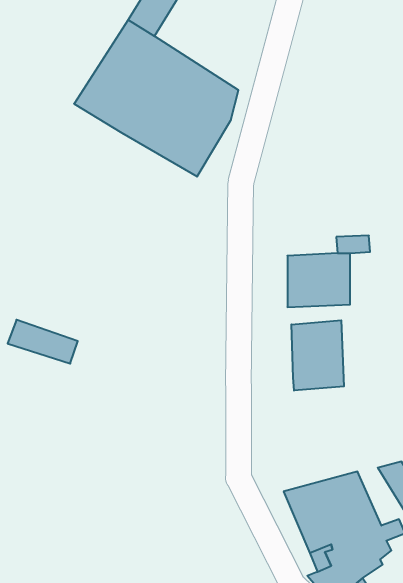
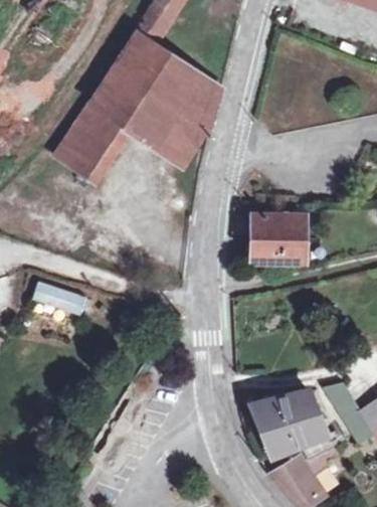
building: none -> [55,99,126,172]
building: [291,320,344,391] -> none

